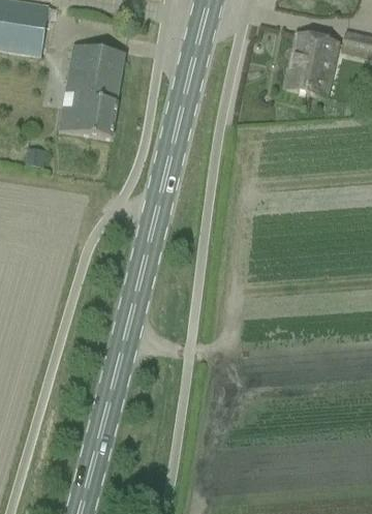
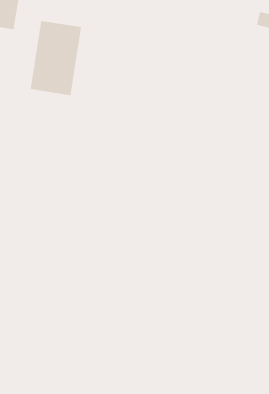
building: [286,34,335,94] -> none

